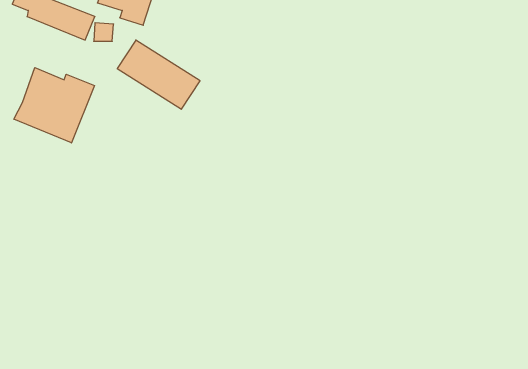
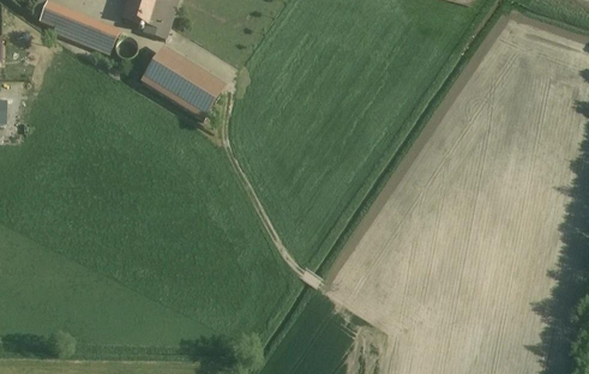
building: [14,68,94,143] -> none

